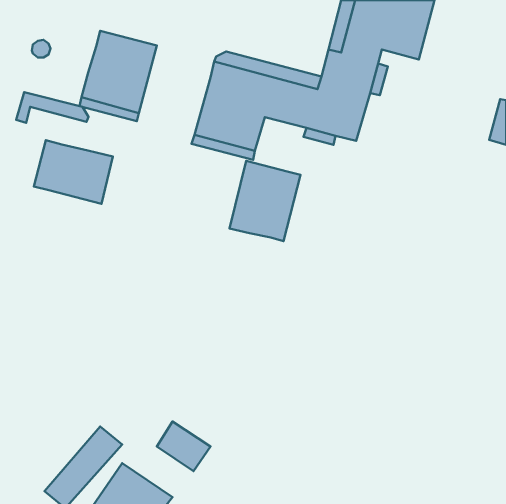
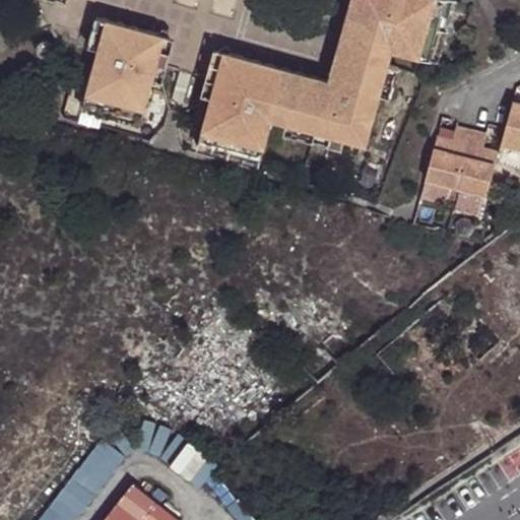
building: [16,92,89,123] -> [88,19,162,51]
building: none -> [425,130,496,198]
building: [34,140,113,204] -> none
building: [229,161,301,241] -> none

